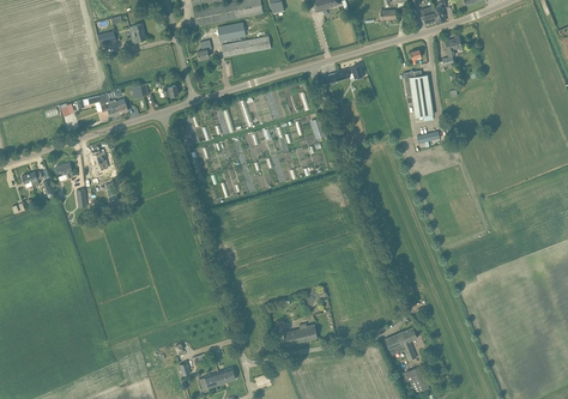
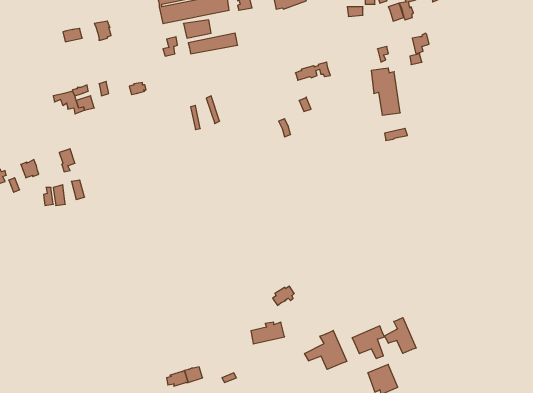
building: none -> [385,318,416,353]
building: none -> [305,330,347,369]

